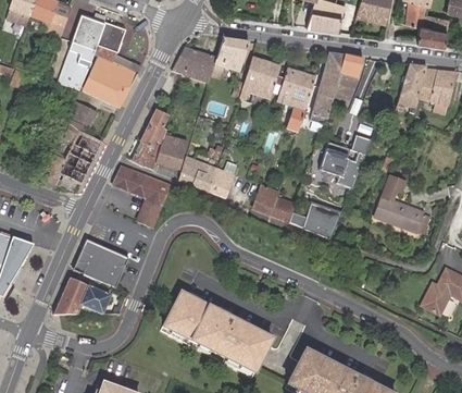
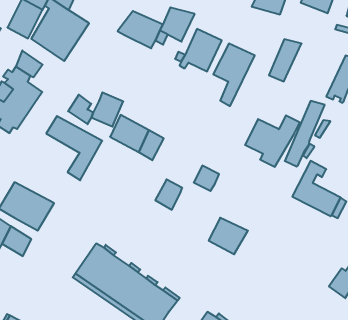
building: [311,53,345,123] -> [285,101,325,167]
building: [140,109,168,148] -> none
building: [252,185,278,216] -> [155,179,182,210]
building: [302,202,341,238] -> [209,218,248,254]

